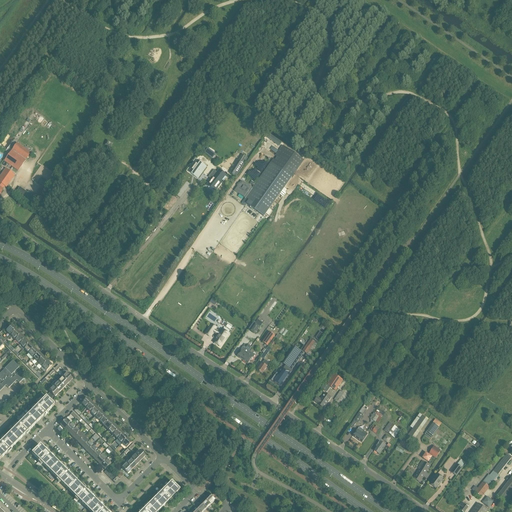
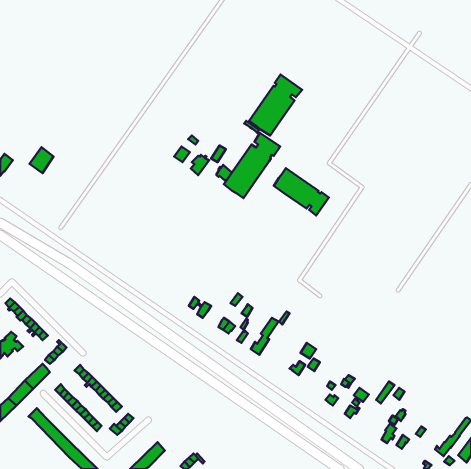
building: none -> [249,75,302,135]
building: [4,141,30,169] -> [30,147,54,173]
building: none -> [274,168,329,215]

